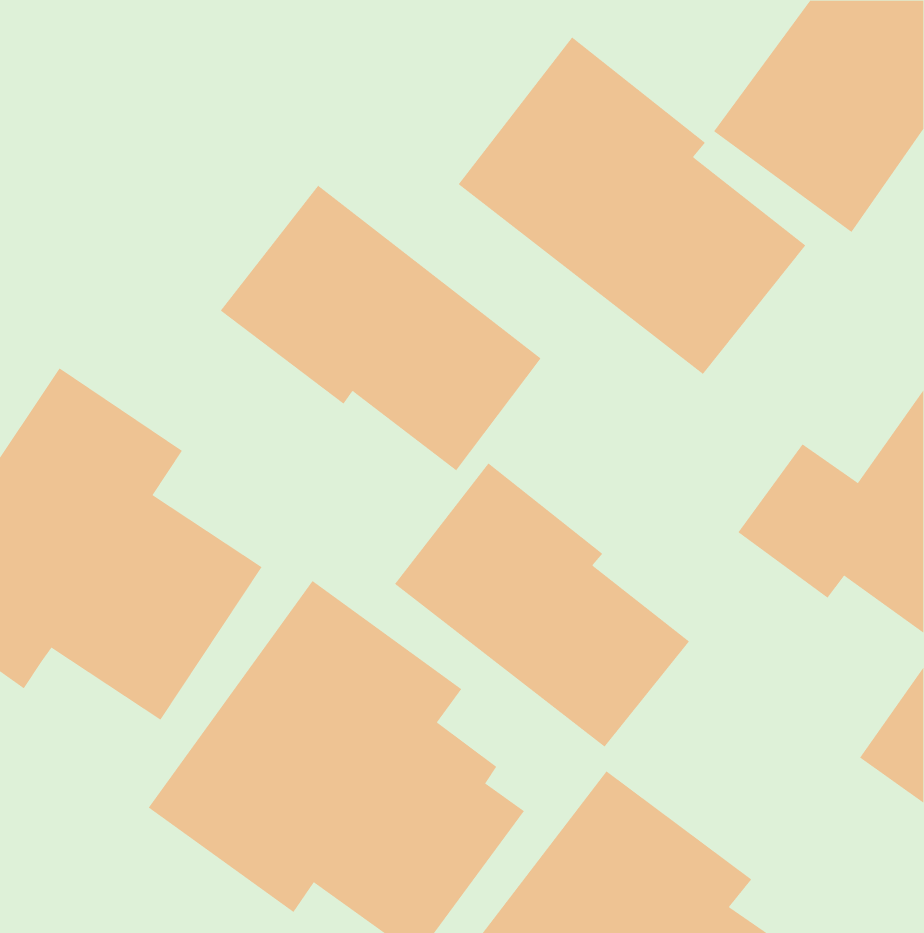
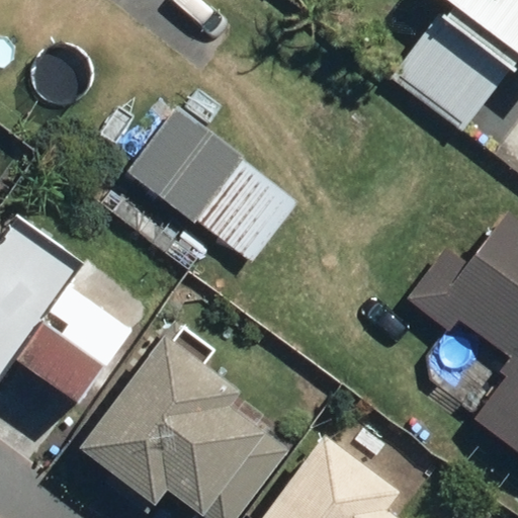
building: [458,37,806,375] -> none
building: [394,462,690,748] -> none

